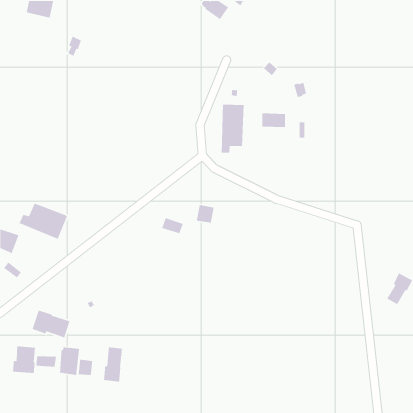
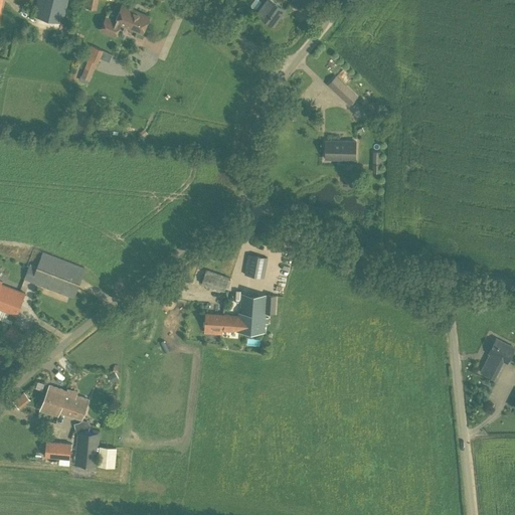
building: none -> [100,6,149,36]
building: [221,104,245,153] -> none
building: none -> [204,294,276,333]
building: [12,346,36,374] -> none
building: [103,347,123,382] -> none

